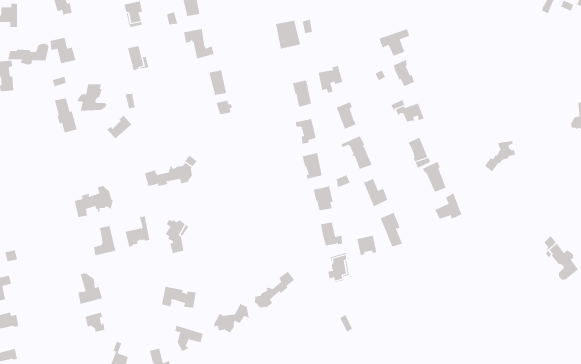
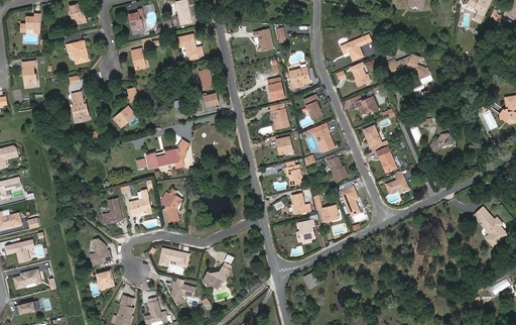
building: [7,43,49,65] -> none
building: none -> [387,52,431,83]
building: [77,83,107,112] -> none
building: [74,185,113,218] -> none
building: [254,271,295,308] -> none

